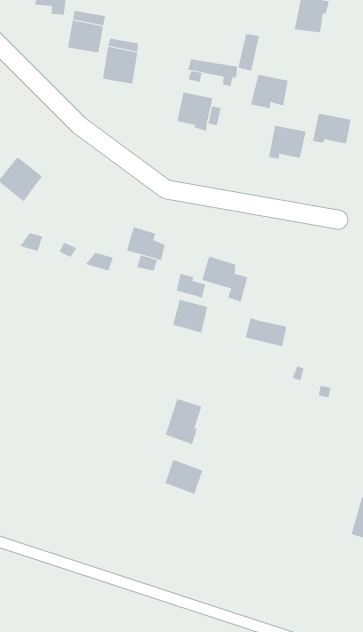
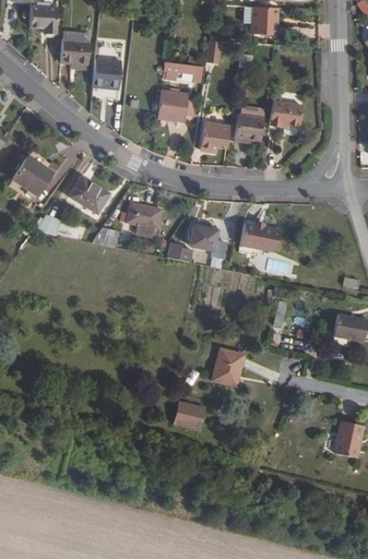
building: [250,74,288,109] -> [202,119,233,147]
building: none -> [69,177,109,215]
building: [172,299,208,333] -> none
building: [245,317,287,347] -> [244,222,278,245]
building: [165,398,202,445] -> [212,347,241,385]

